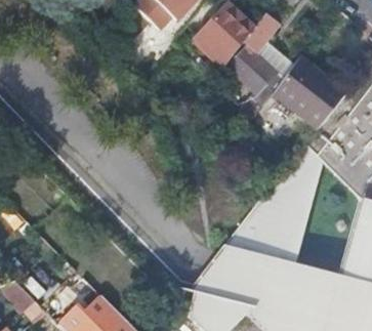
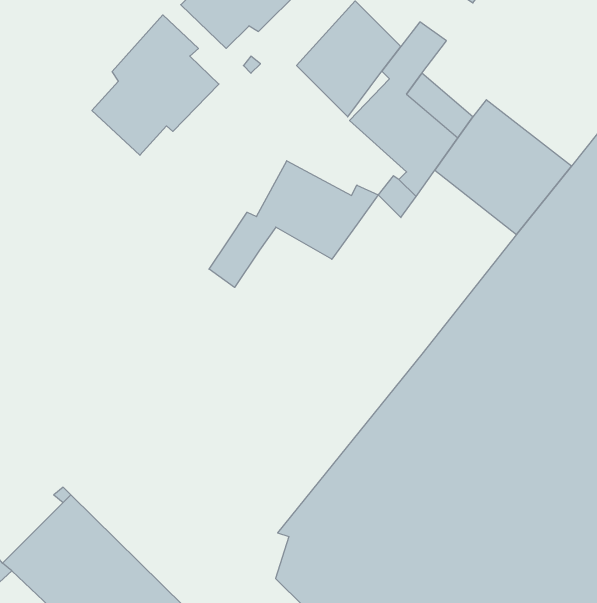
building: none -> [92,15,219,155]
building: none -> [209,161,378,287]

